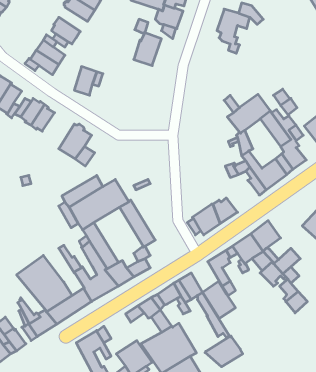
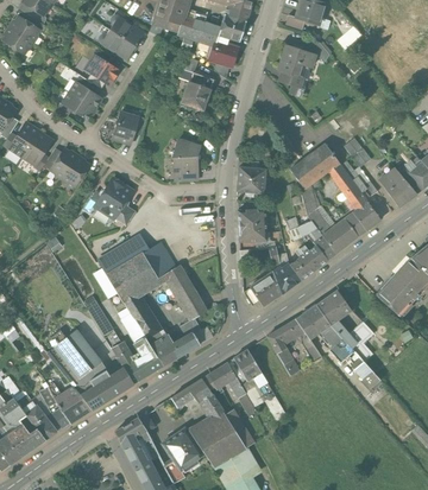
building: none -> [172,140,201,174]
building: none -> [238,160,265,195]
building: none -> [238,209,266,241]
building: none -> [290,246,328,280]
building: [202,281,235,319] -> none
building: [205,336,243,367] -> none

